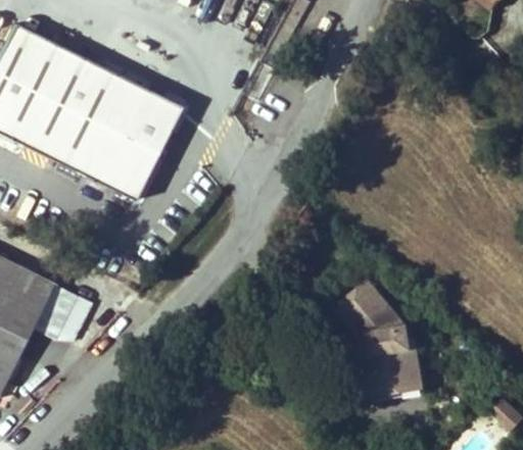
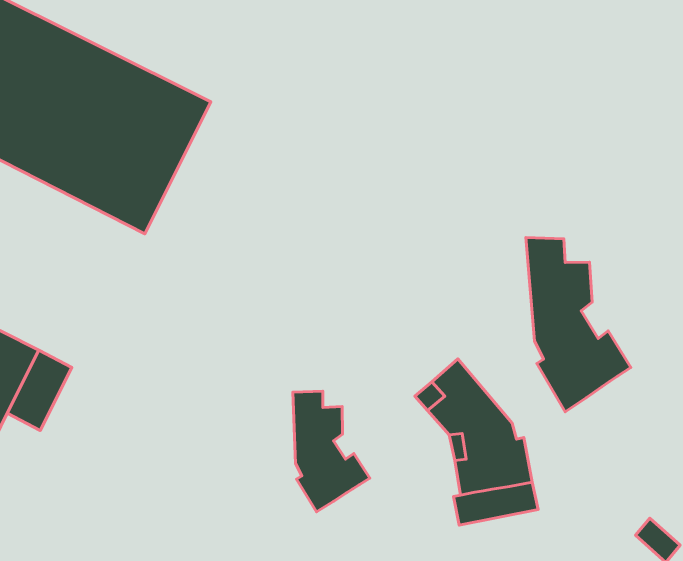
building: none -> [526,238,631,412]
building: none -> [293,391,370,512]

